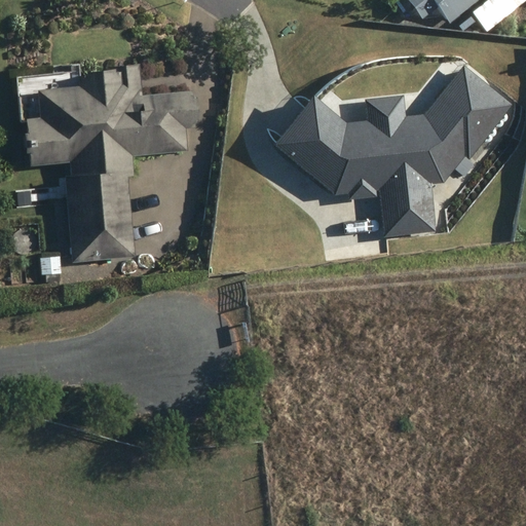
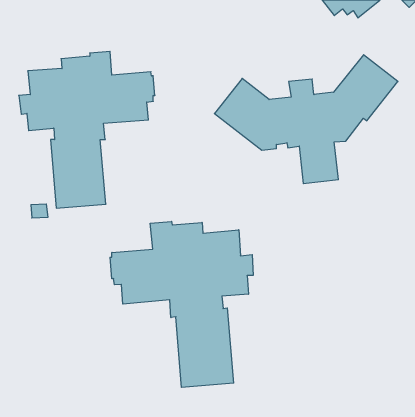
building: none -> [110,221,253,387]

